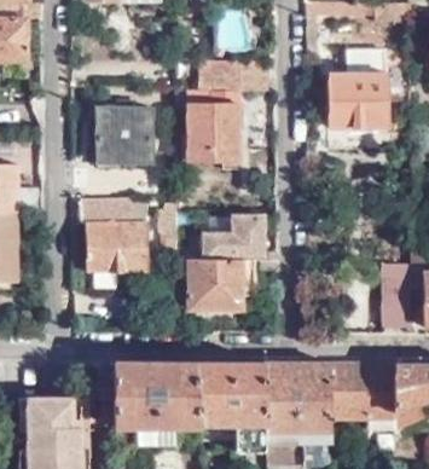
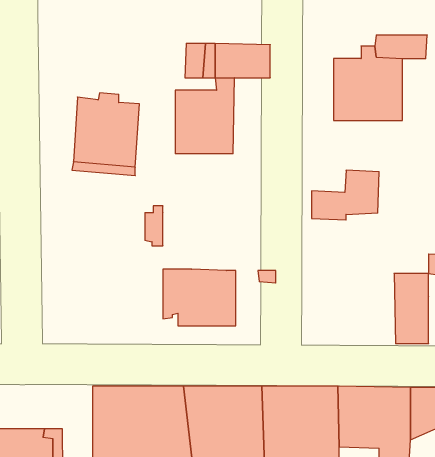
building: [81,201,147,272] -> none
building: [202,218,261,261] -> [312,170,379,220]

